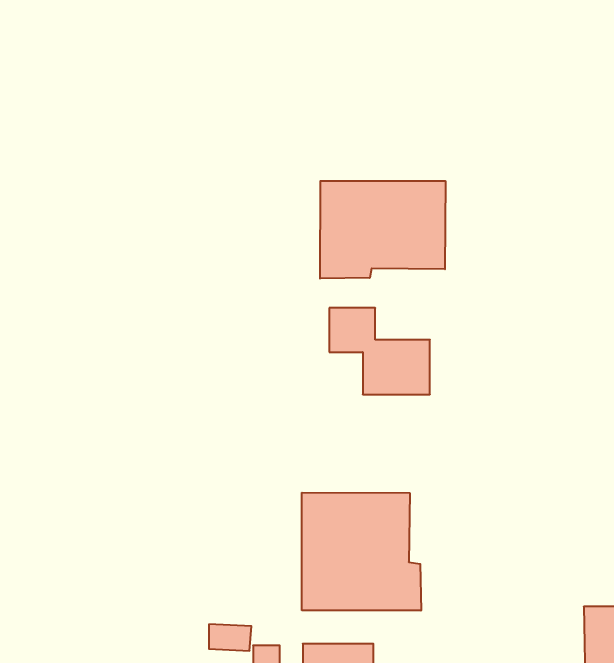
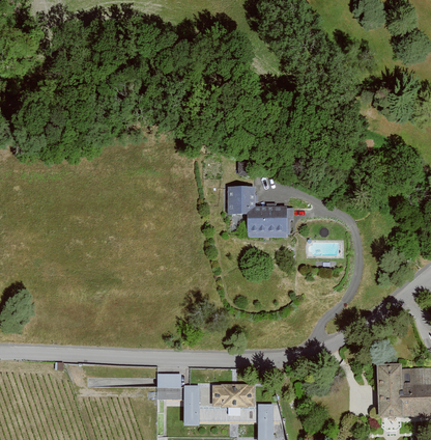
building: [320,181,445,279] -> none
building: [302,493,421,611] -> none

